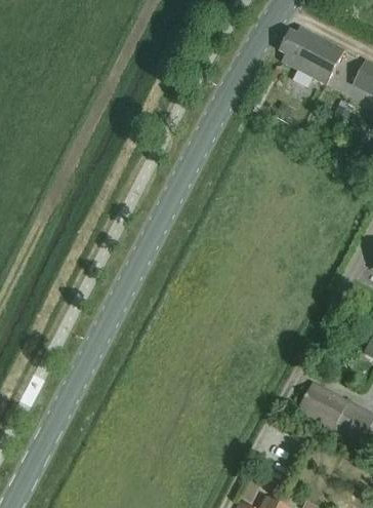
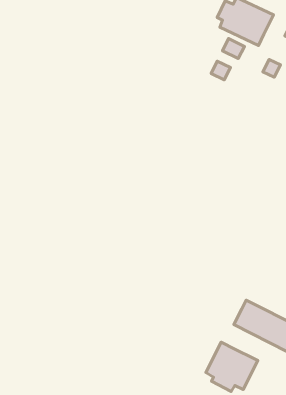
building: none -> [206,342,258,391]

